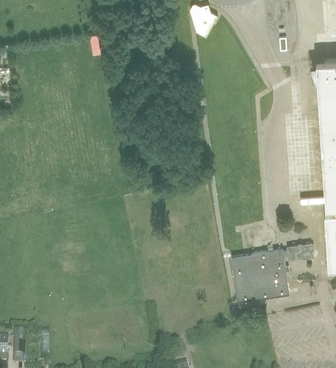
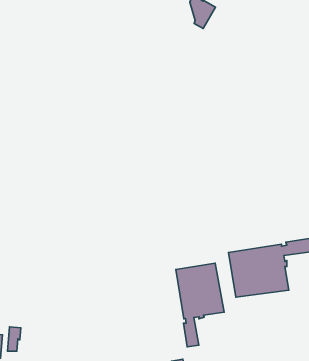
building: none -> [176,263,224,347]

